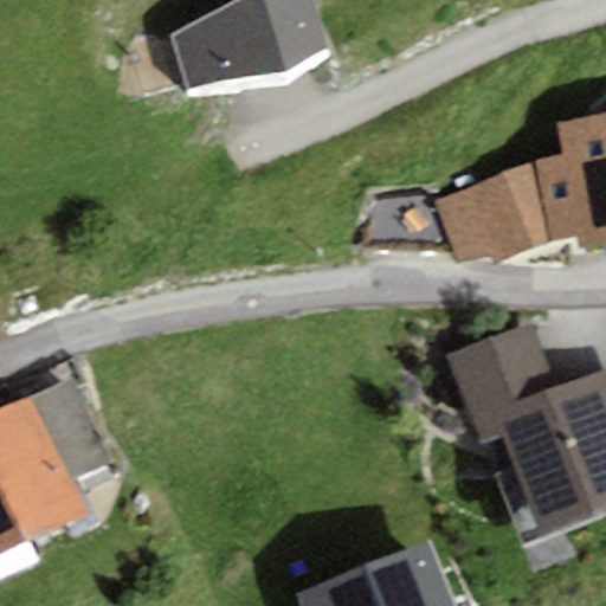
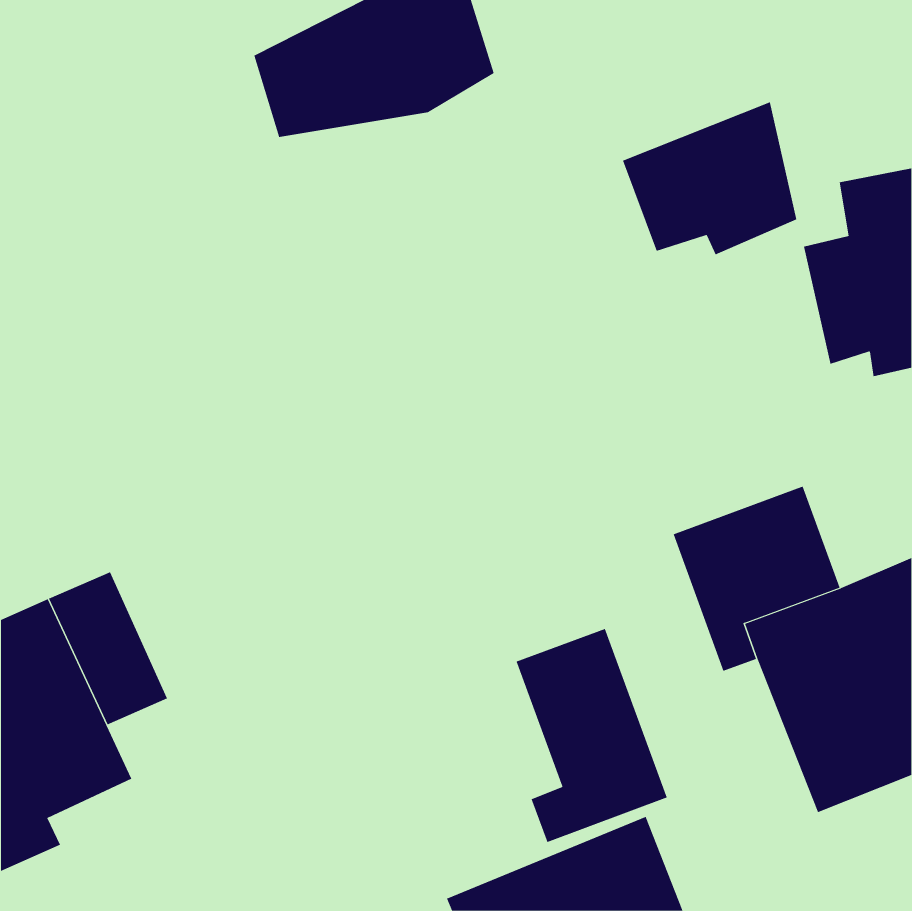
building: [434,163,550,265] -> [622,102,797,255]
building: none -> [516,628,667,843]

